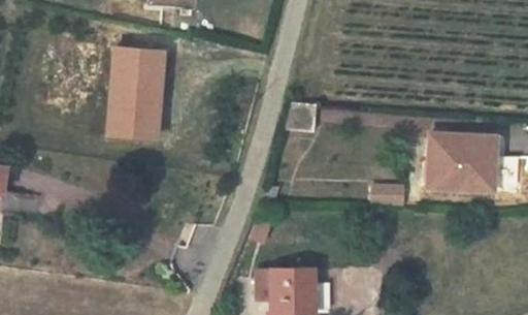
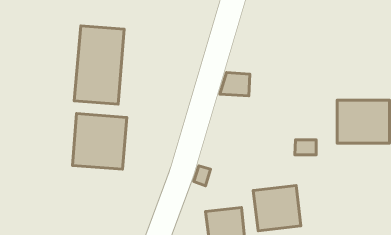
building: none -> [73,114,127,169]
building: none -> [253,185,301,231]

